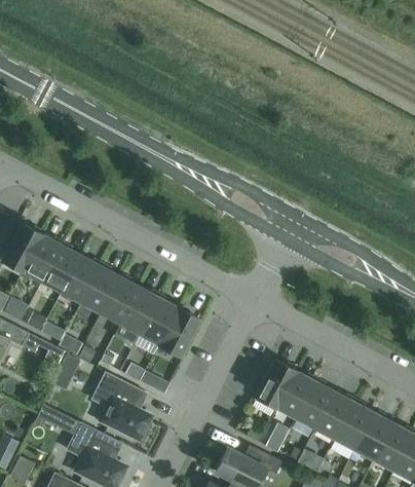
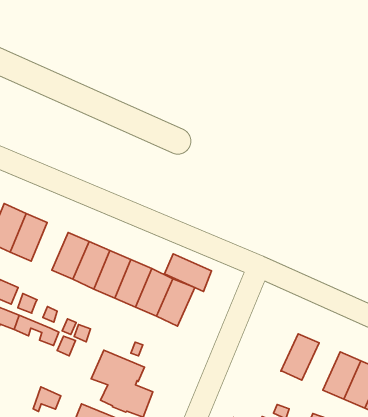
building: [43,246,81,292] -> none
building: none -> [164,254,212,292]
building: [254,361,296,412] -> none
building: [296,382,335,428] -> none

